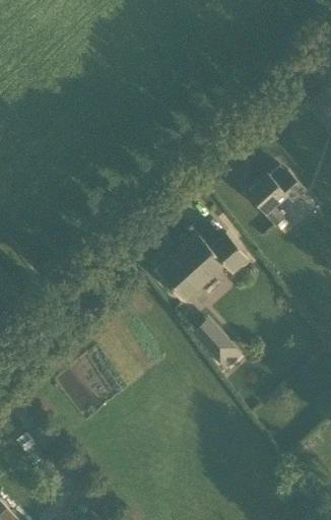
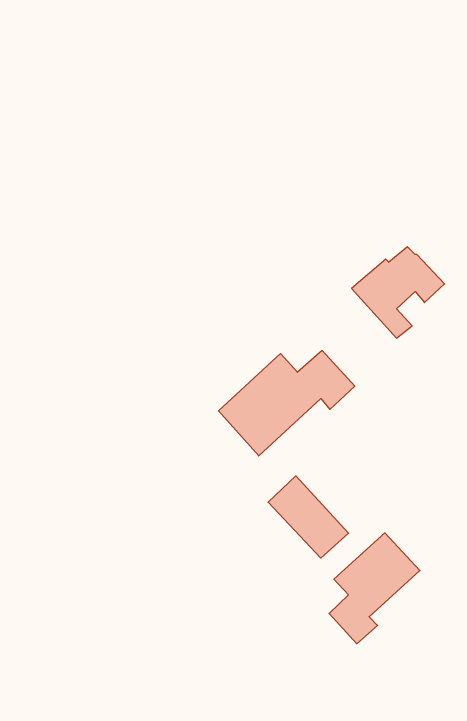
building: none -> [329,533,420,644]

